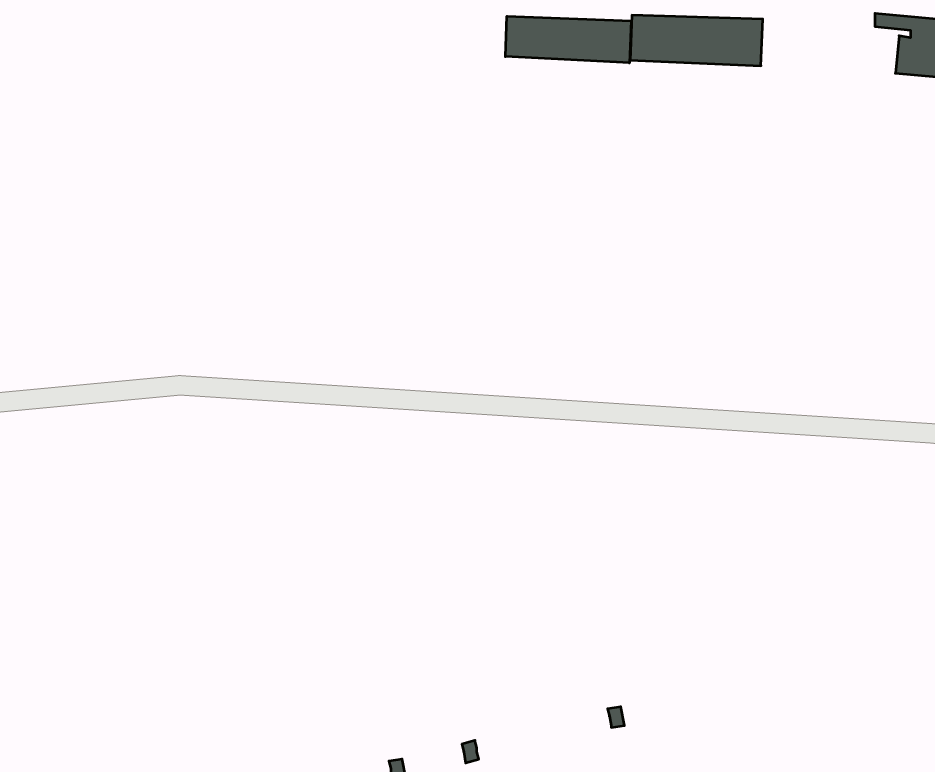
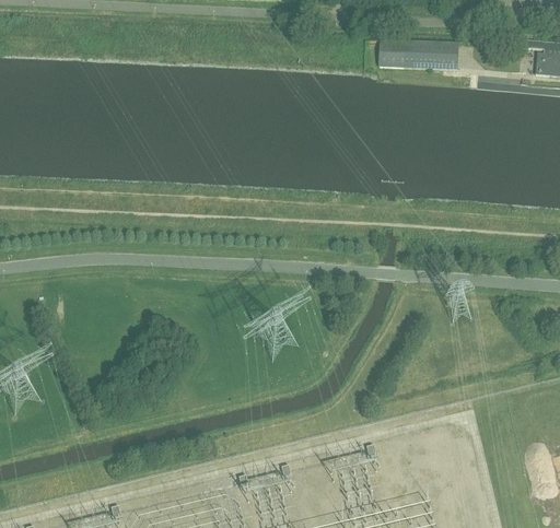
building: [505,16,631,63] -> none

